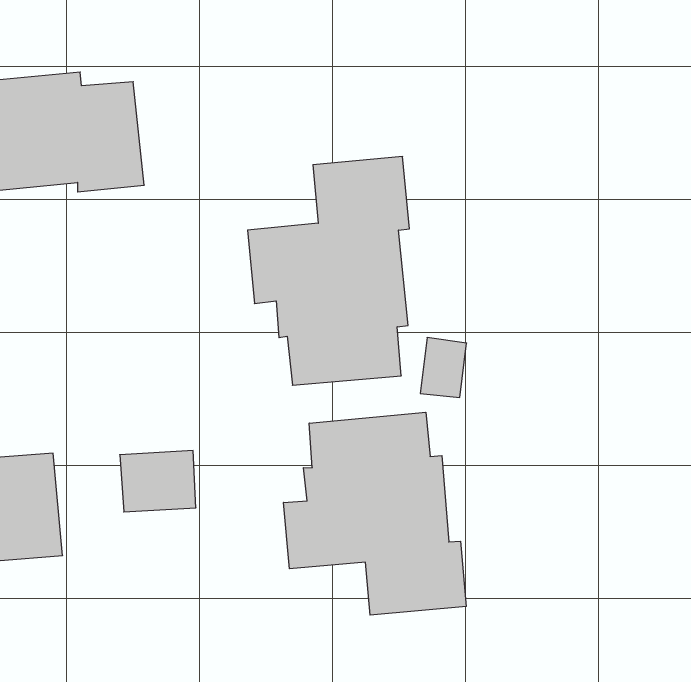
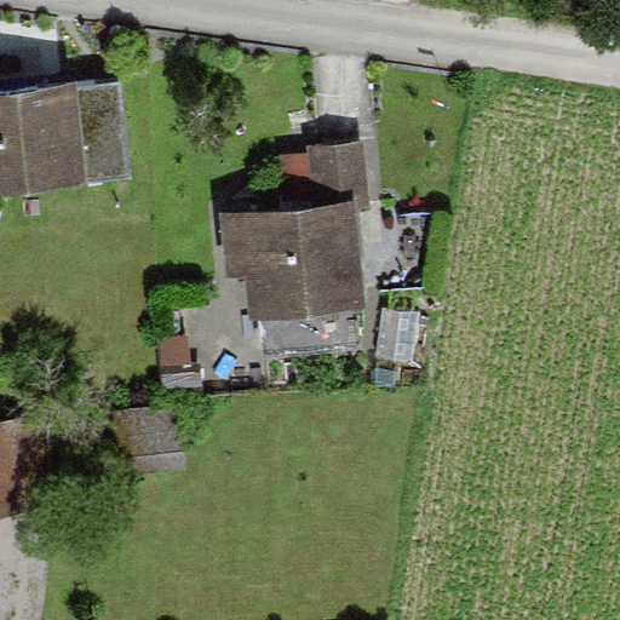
building: [284,412,466,615] -> none

